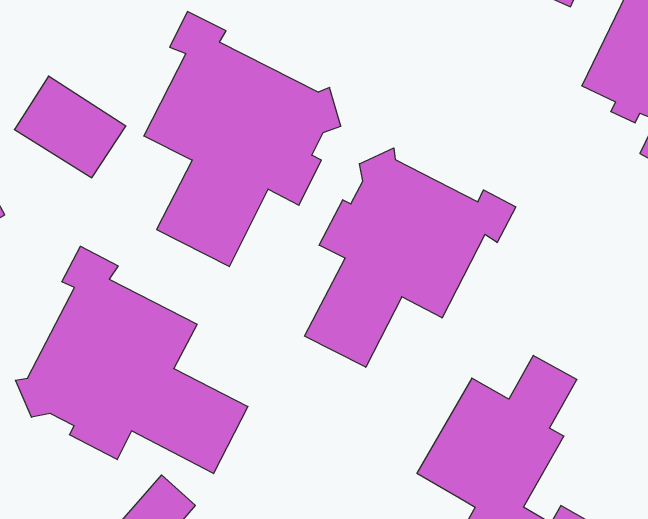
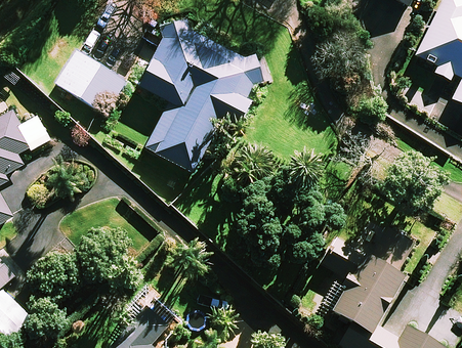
building: [305,148,516,367] -> none
building: [15,246,248,474] -> none

